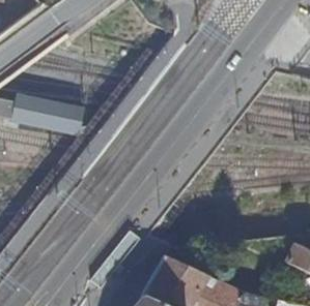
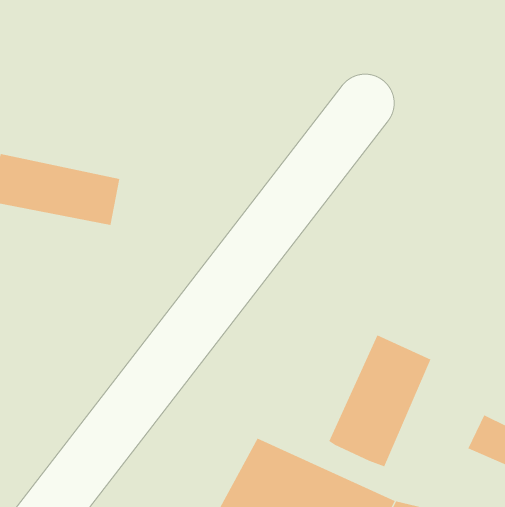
building: none -> [329,335,431,467]

